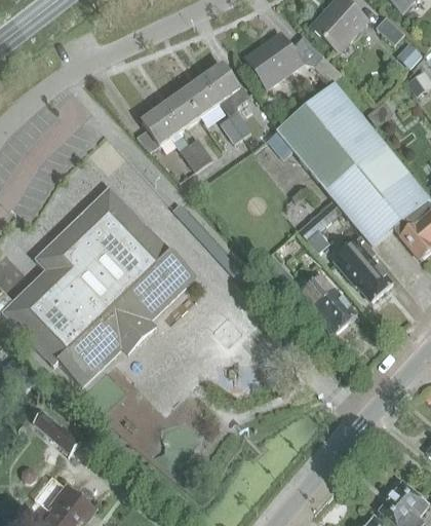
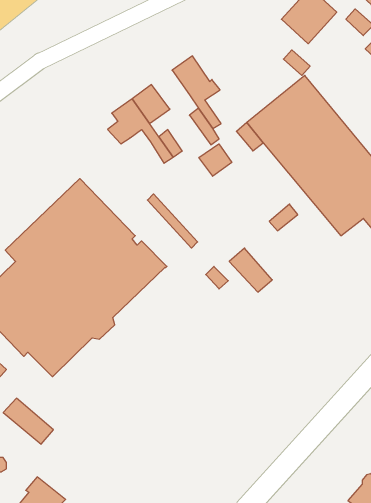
building: [245,32,301,86] -> none
building: [181,77,219,116] -> none
building: none -> [199,144,232,176]
building: [332,236,391,300] -> none
building: [300,273,355,332] -> none

